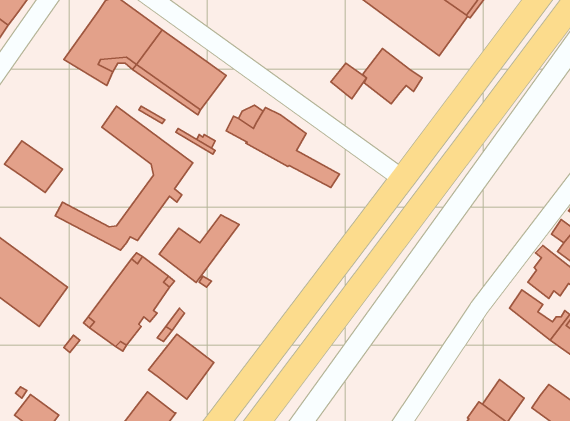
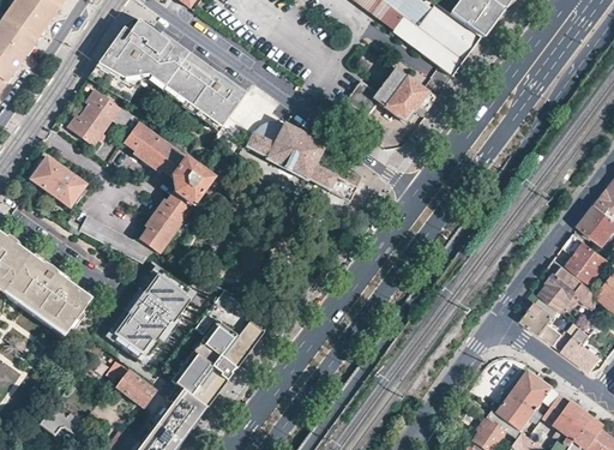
building: none -> [72,89,131,145]
building: [159,215,239,282] -> [198,306,276,372]
building: none -> [116,366,156,407]
building: none -> [512,370,560,407]
building: none -> [169,386,206,421]

